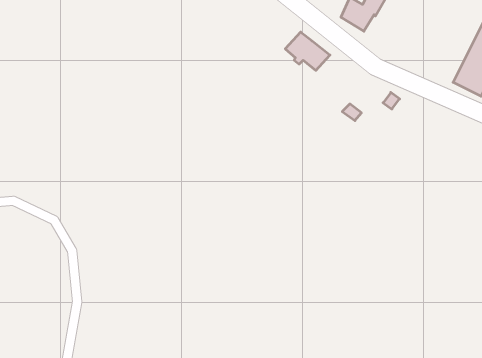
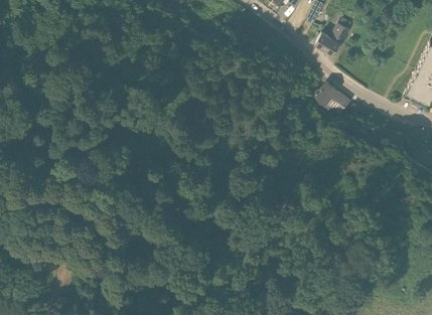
building: [285,32,330,70] -> [315,83,350,113]

